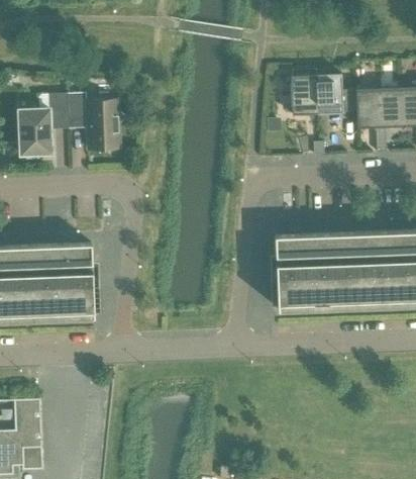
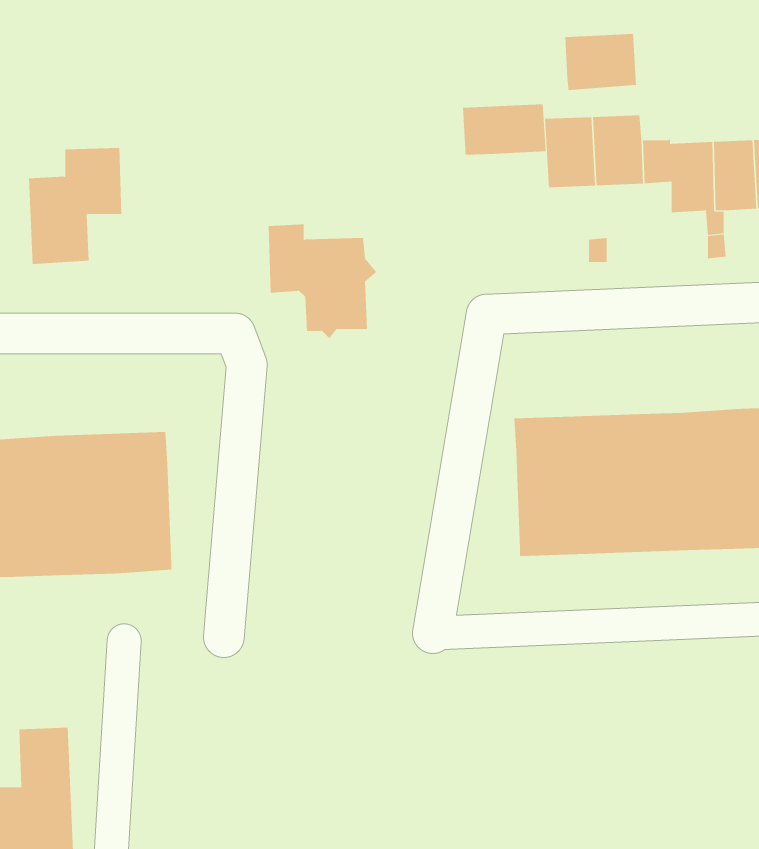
building: none -> [565,33,636,91]
building: none -> [462,104,546,155]
building: [67,92,124,153] -> [268,224,377,339]

